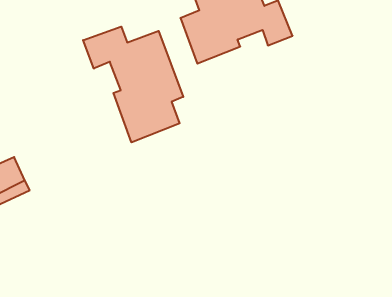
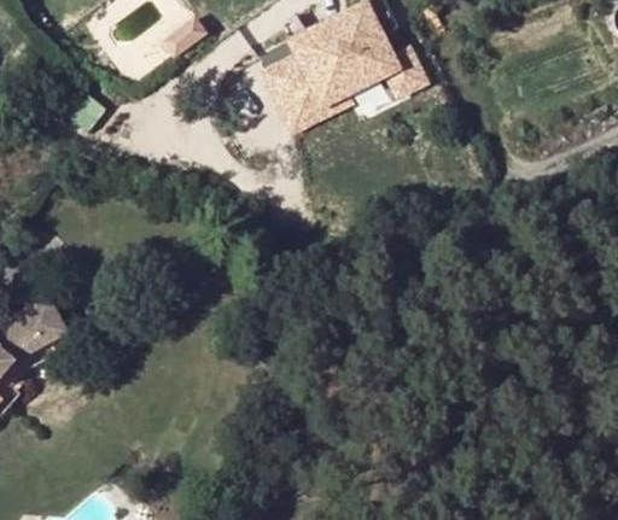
building: [83,27,183,142] -> none

